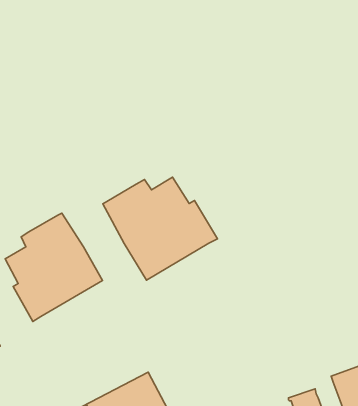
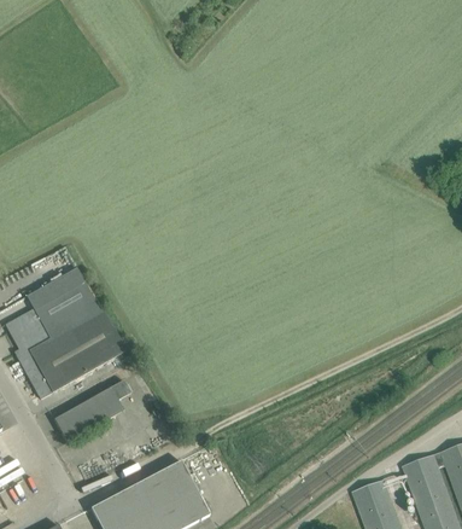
building: [103,177,217,280] -> none
building: none -> [54,379,130,442]

